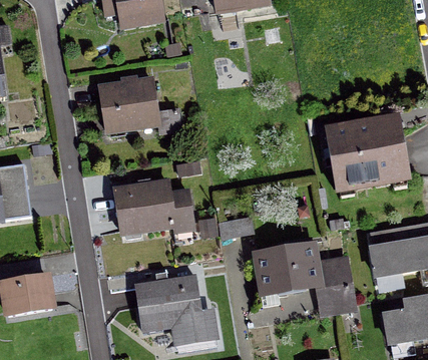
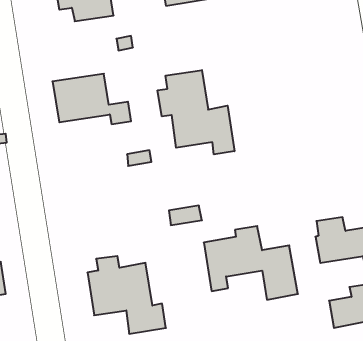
building: none -> [158,70,234,154]
building: [327,118,409,190] -> none
building: [115,182,194,232] -> none

